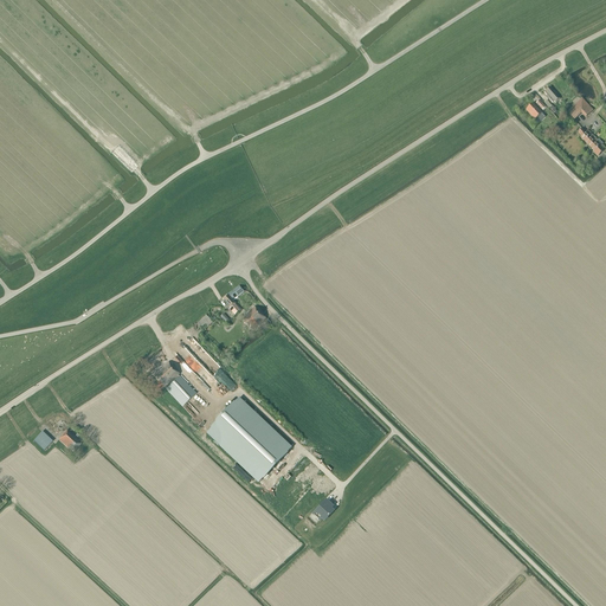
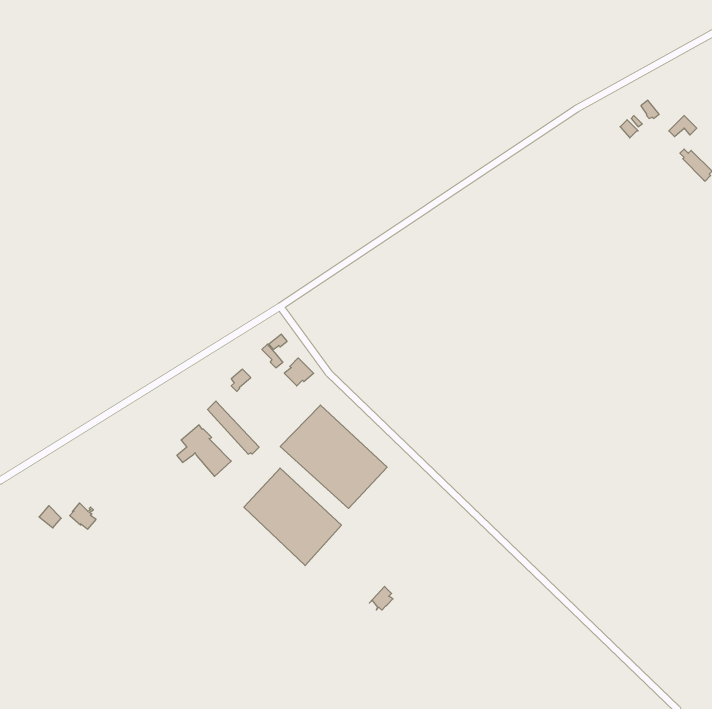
building: none -> [280,405,387,508]

